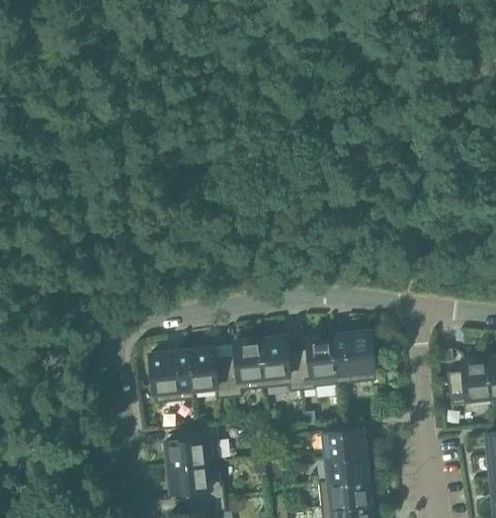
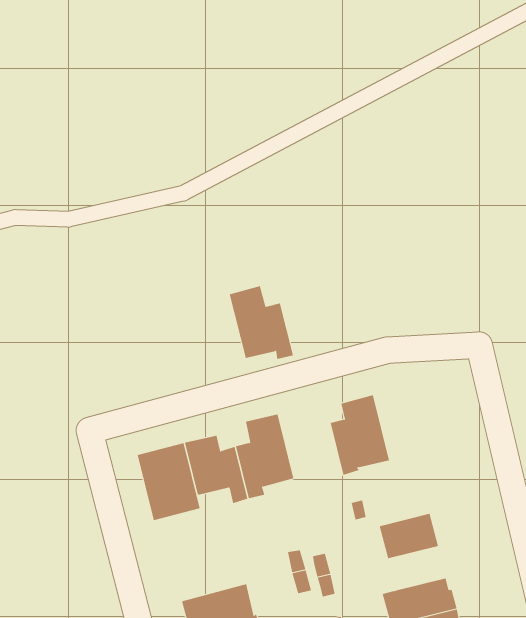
building: [333,331,375,385] -> none
building: [260,336,302,393] -> [229,285,294,359]
building: [164,425,219,467] -> none
building: [318,454,367,484] -> none

